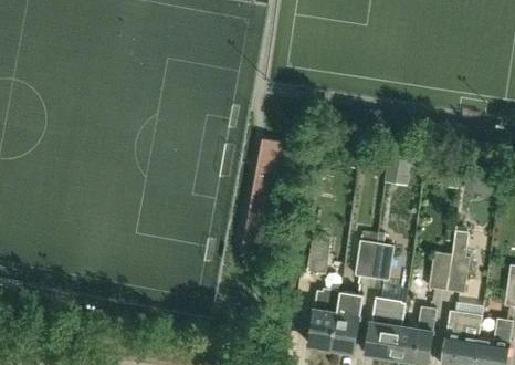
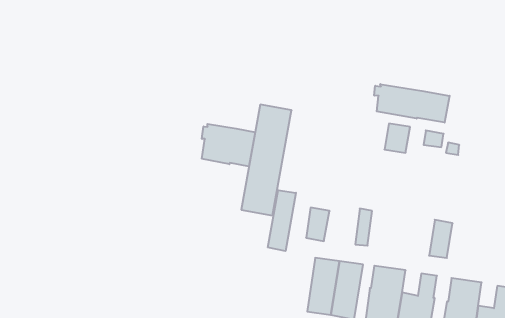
building: none -> [374,84,450,123]
building: none -> [202,124,255,166]
building: none -> [268,190,296,251]
building: [446,231,470,293] -> none
building: [368,243,393,281] -> none

